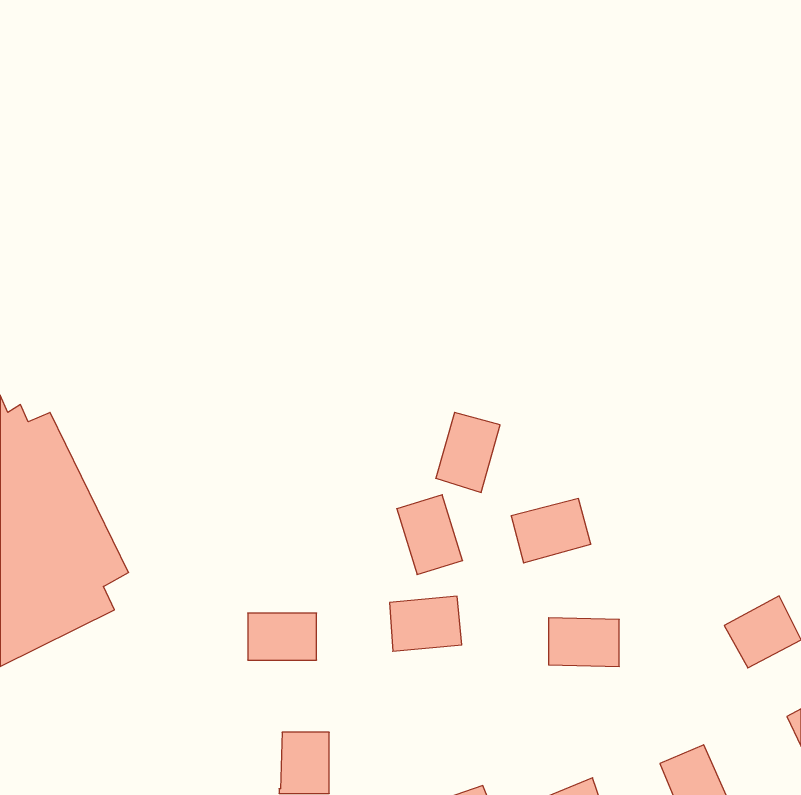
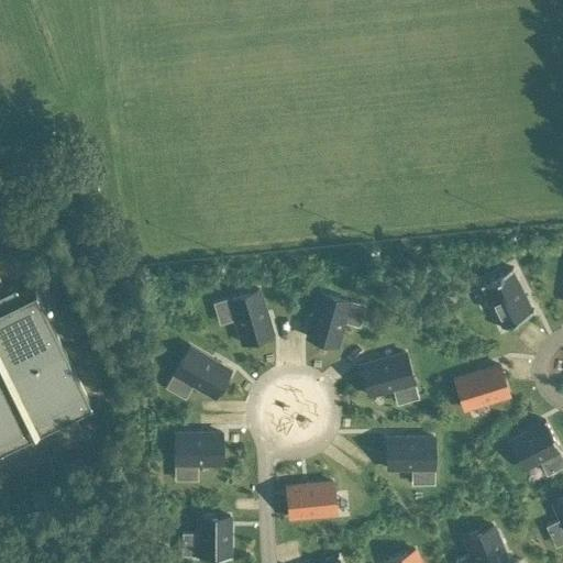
building: none -> [482,272,536,332]
building: none -> [173,347,232,401]
building: [397,495,463,575] -> [228,290,274,346]
building: none -> [454,366,510,413]
building: [390,596,462,651] -> [286,483,336,521]

